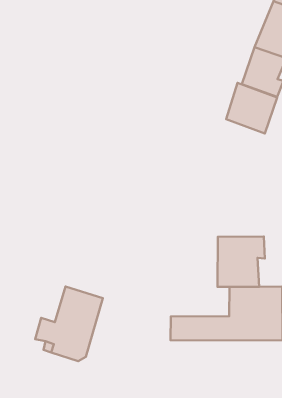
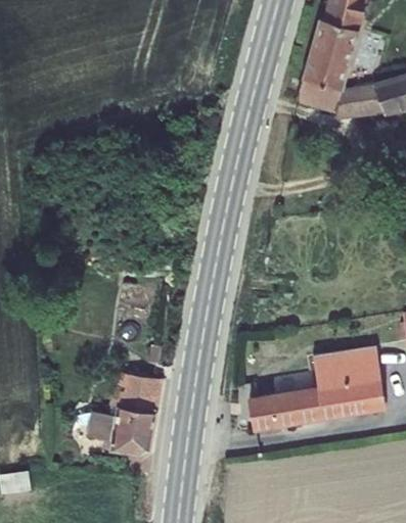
building: [226,83,277,133] -> none
building: [217,237,265,287] -> none

